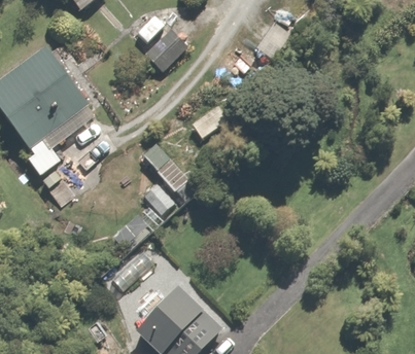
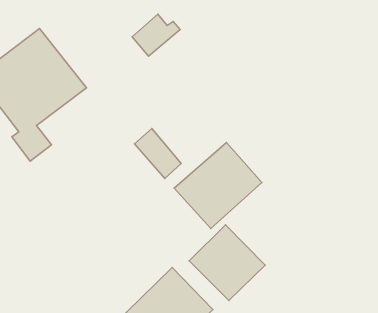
building: none -> [174,142,262,228]
building: none -> [189,225,265,301]

